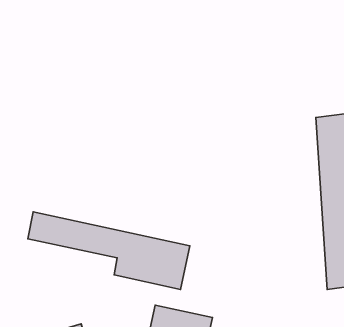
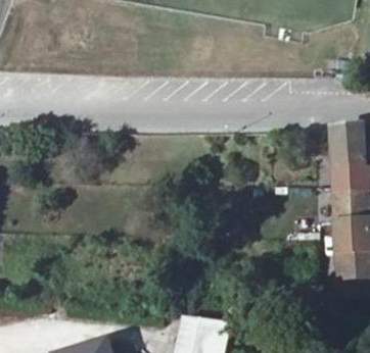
building: [28,212,190,289] -> none

